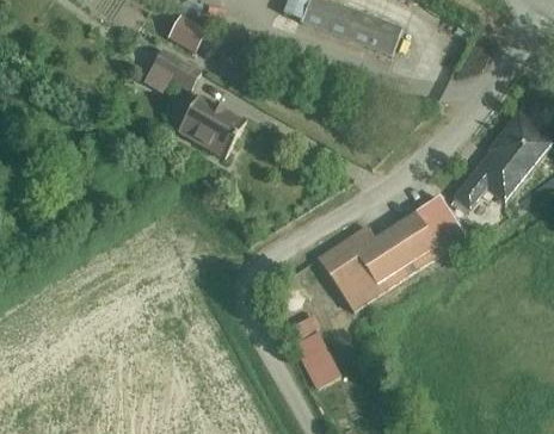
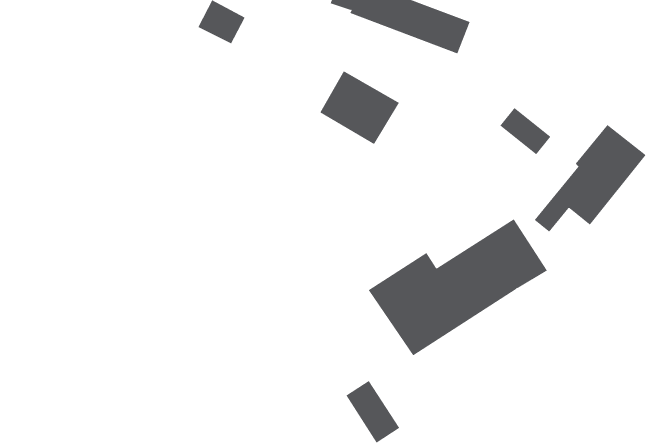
building: [149,50,199,91] -> none
building: [177,95,245,159] -> [320,70,400,145]
building: none -> [500,107,551,155]

